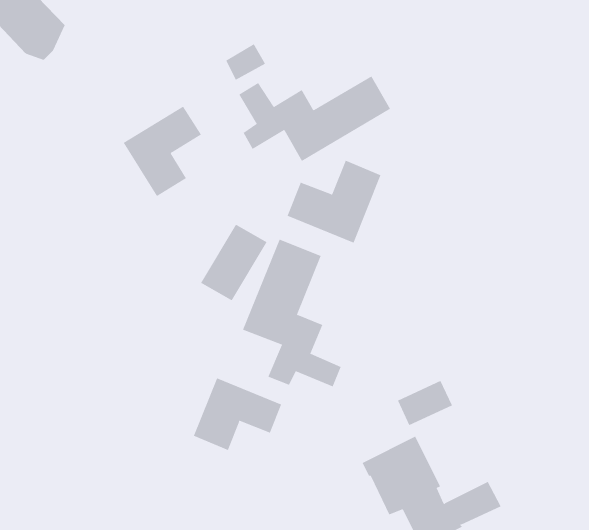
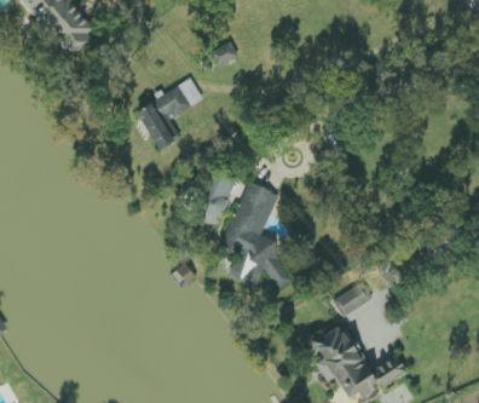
building: [238,76,391,162] -> none
building: [287,160,381,244] -> none
building: [193,377,282,451] -> none

